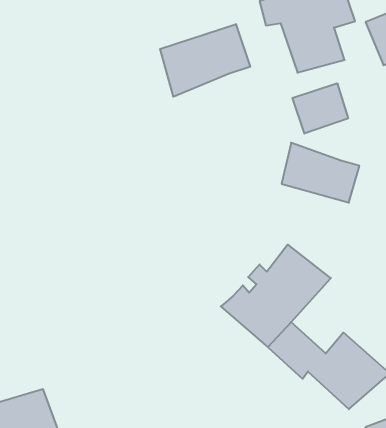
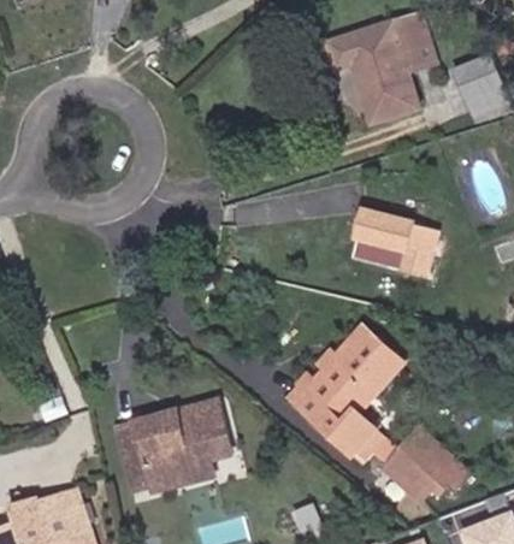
building: [160,24,250,97] -> none
building: [293,83,348,134] -> none
building: none -> [114,396,240,489]

